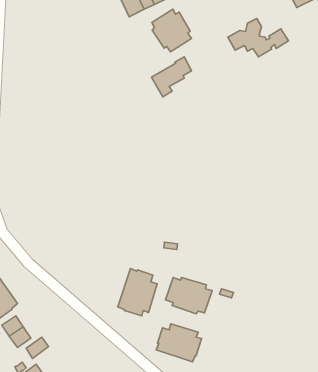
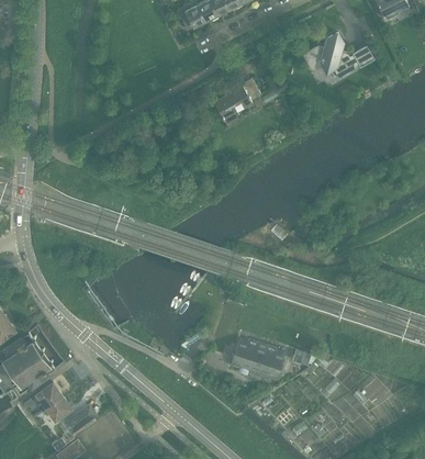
building: [152,9,192,52] -> none
building: [118,269,157,316] -> none
building: [156,324,201,362] -> none

